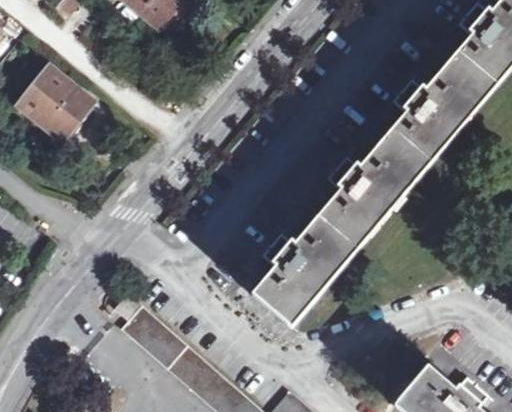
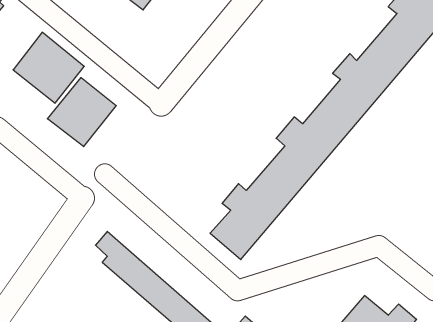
building: none -> [47,78,116,147]

